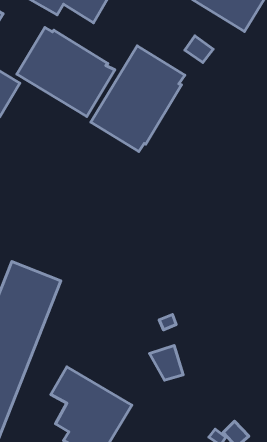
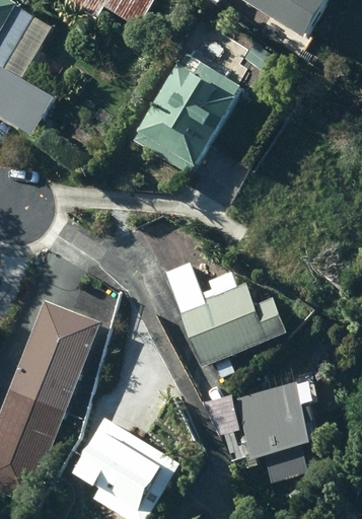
building: [17,28,115,116] -> none
building: none -> [162,263,287,367]
building: none -> [232,379,316,485]

